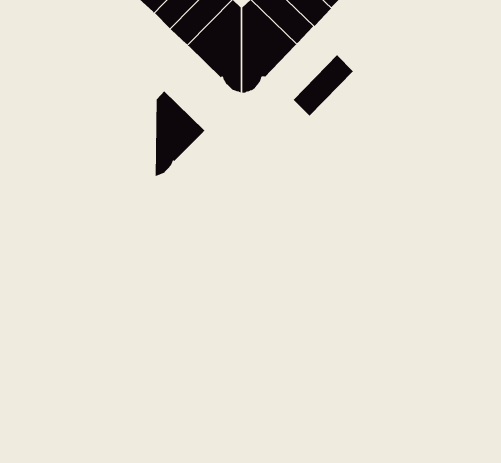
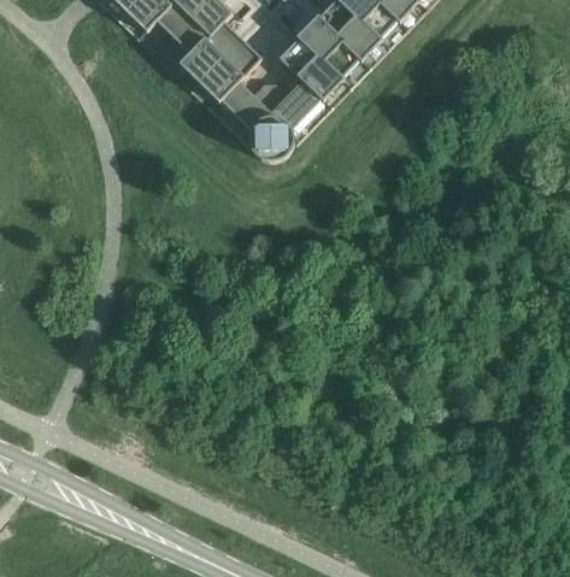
building: [293,54,354,117] -> none
building: [155,91,205,177] -> none

